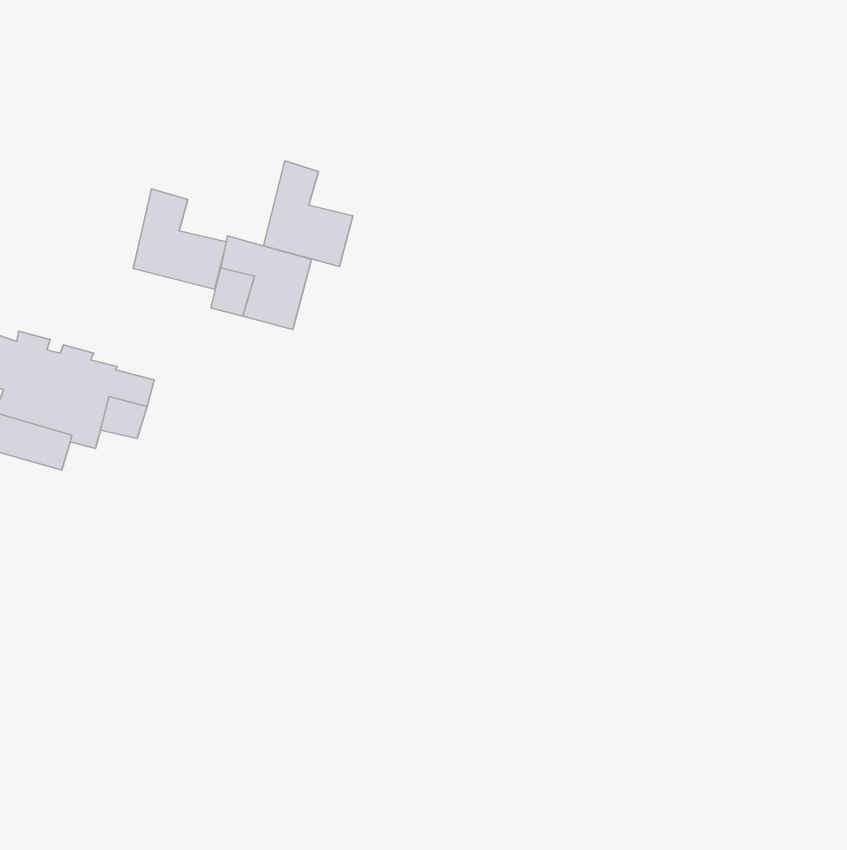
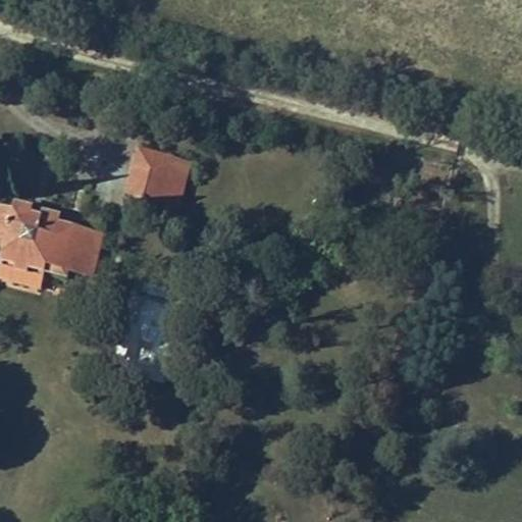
building: [263,161,353,267] -> none
building: [133,189,226,289] -> none

